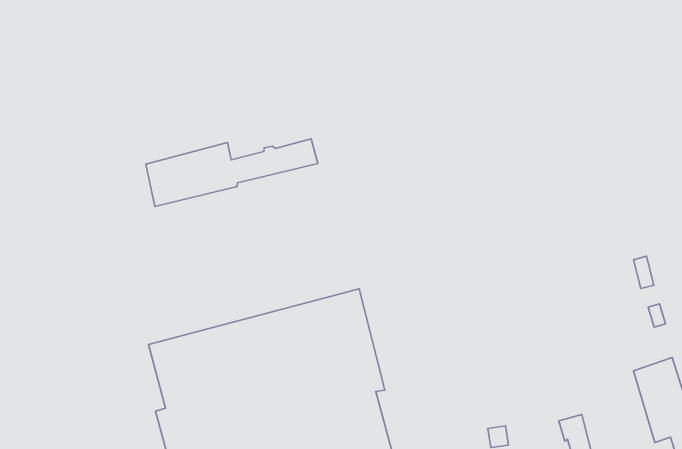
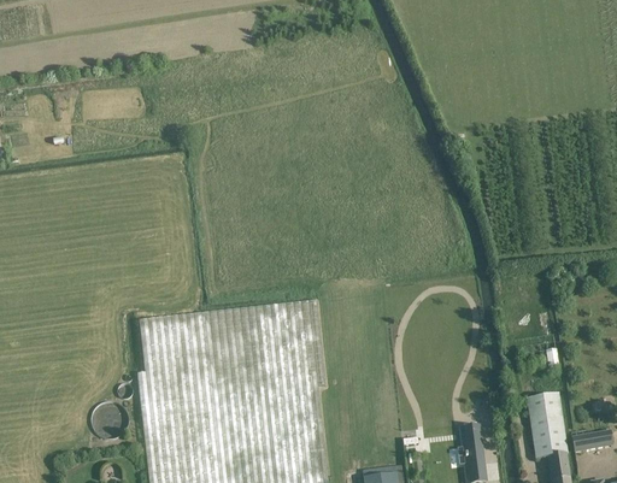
building: [146,139,318,207] -> none

